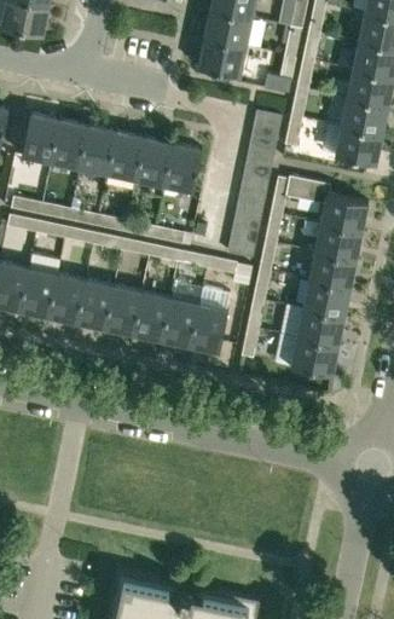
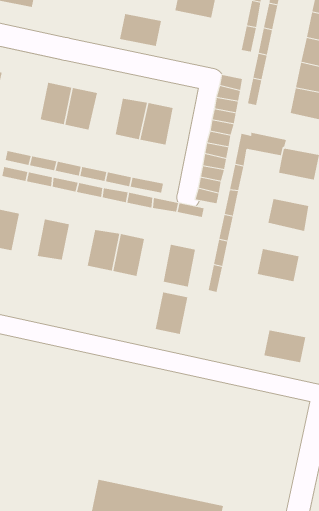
building: [197,39,245,76] -> [119,13,162,47]
building: [21,114,59,162] -> none
building: [106,132,144,179] -> none
building: [314,222,361,260] -> none
building: [19,268,56,317] -> none
building: [302,279,350,317] -> none
building: [76,280,112,328] -> none
building: [161,297,198,346] -> [155,292,188,335]
building: [290,337,338,375] -> [263,330,306,363]

